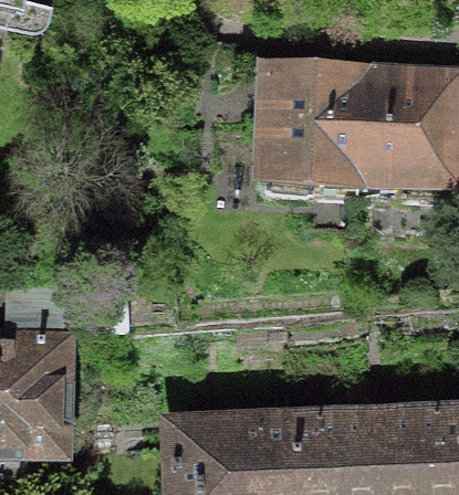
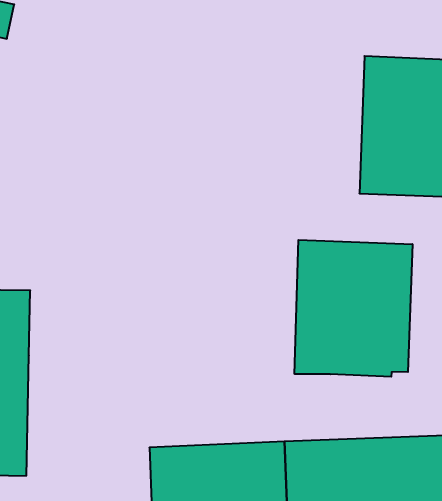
building: [262,62,361,190] -> none
building: none -> [295,240,412,377]

